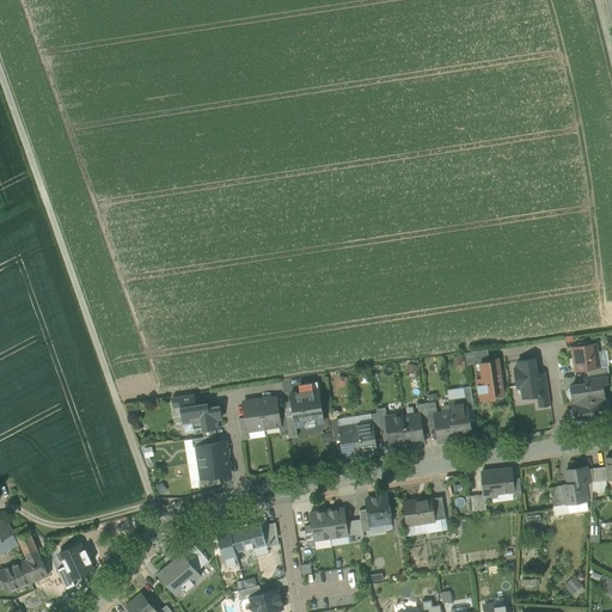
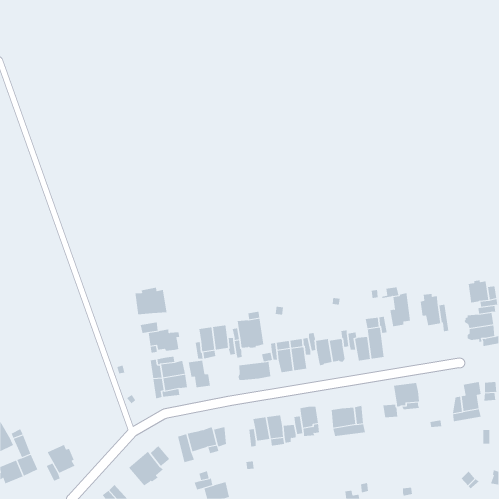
building: none -> [135,287,167,315]
building: none -> [188,360,211,388]
building: none -> [238,361,271,381]

